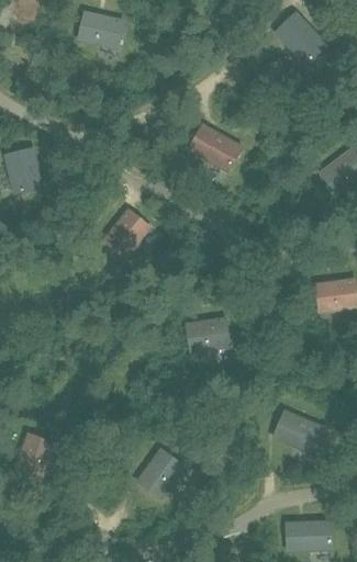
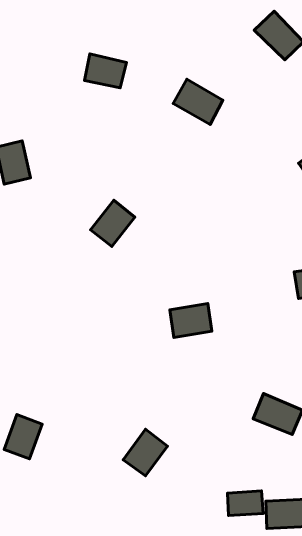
building: [80,11,124,46] -> [84,54,127,88]
building: [189,124,241,171] -> [173,79,223,125]
building: none -> [227,491,263,515]

